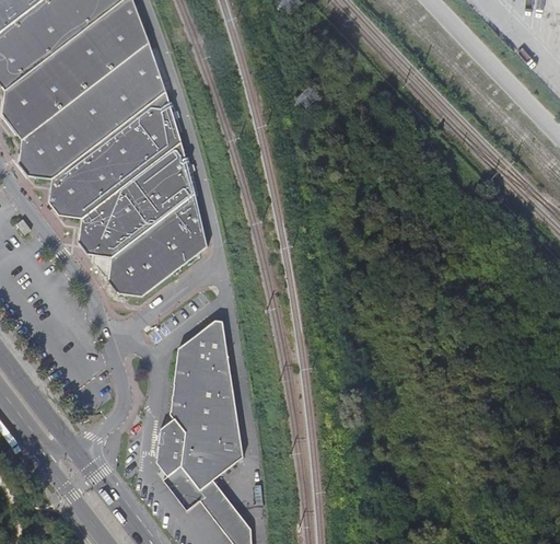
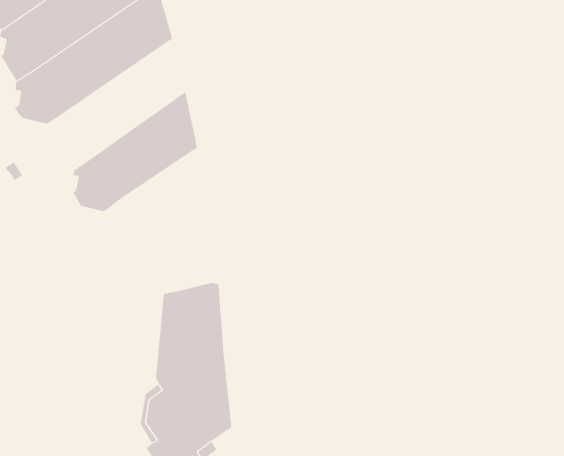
building: [48,90,180,218] -> none
building: [108,192,207,297] -> none

